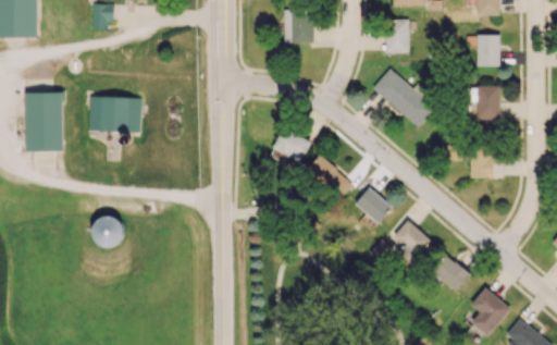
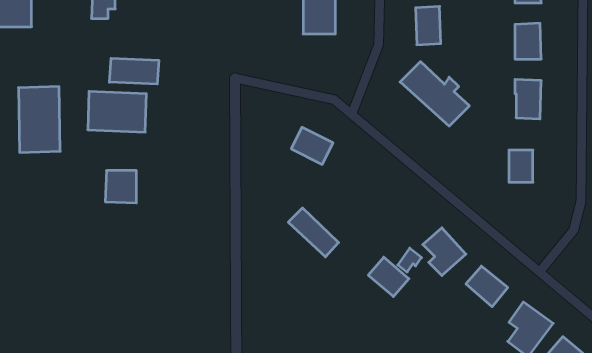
building: none -> [109,58,159,84]
building: [307,153,352,198] -> [288,208,339,257]
building: [355,187,392,223] -> [368,257,409,297]
building: [92,217,121,246] -> [105,171,136,203]

